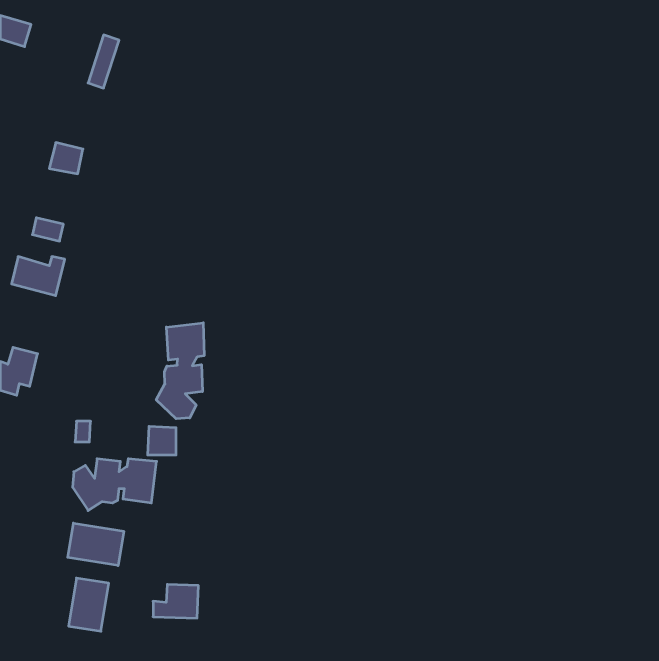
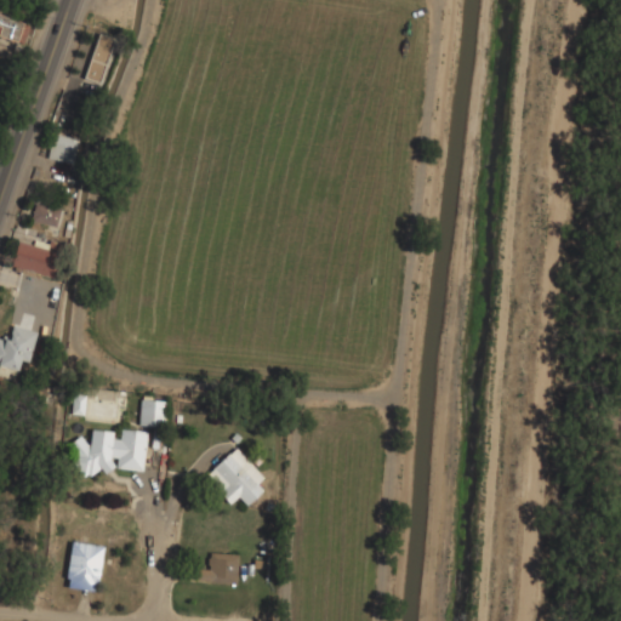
building: [156,323,204,419] -> none
building: none -> [206,448,269,505]
building: [68,523,124,566] -> none
building: [153,584,198,618] -> [198,553,240,585]

